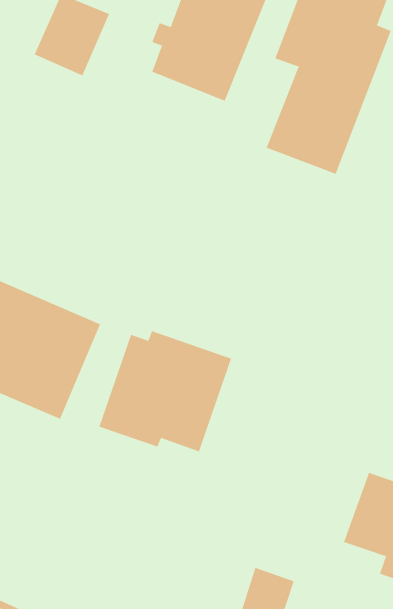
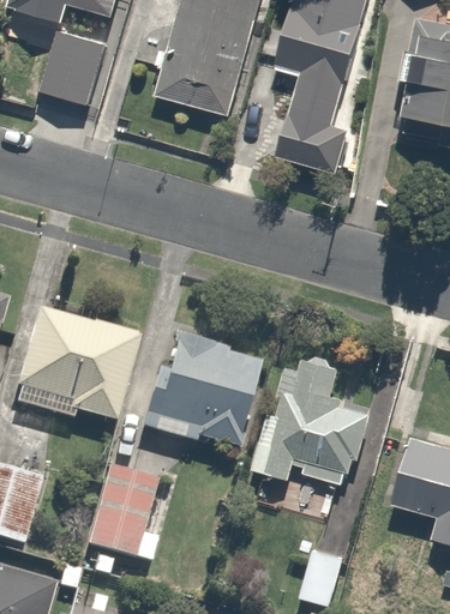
building: none -> [251,353,372,487]
building: none -> [83,458,176,558]

